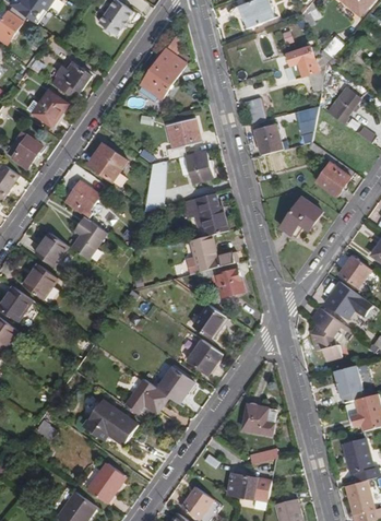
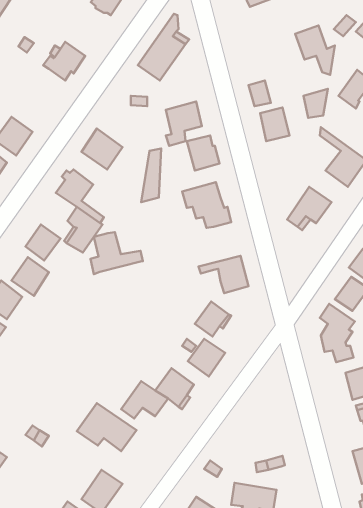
building: [26,91,68,126] -> none
building: [188,235,237,274] -> [90,232,143,274]
building: [241,404,275,435] -> none

